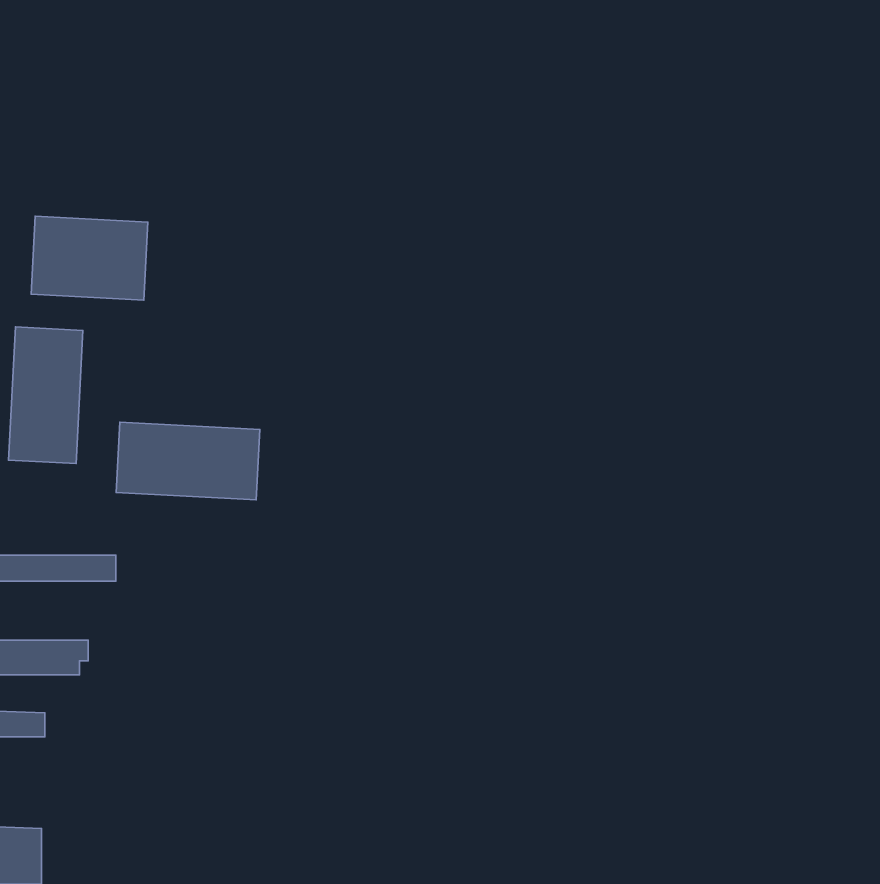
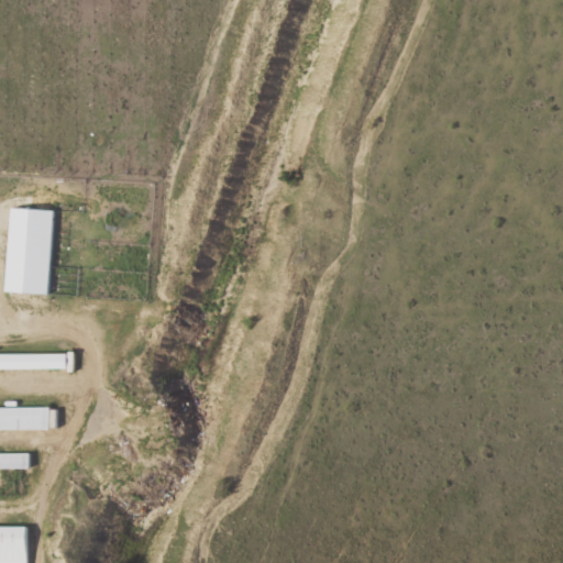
building: [31,216,148,300] -> none
building: [116,422,260,500] -> none

